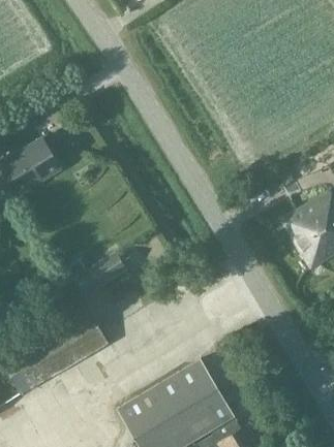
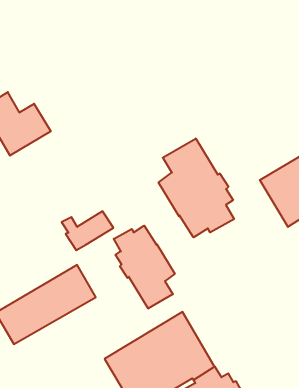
building: none -> [159,138,234,237]
building: none -> [114,226,175,309]

